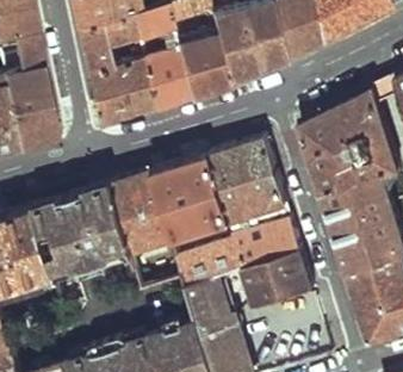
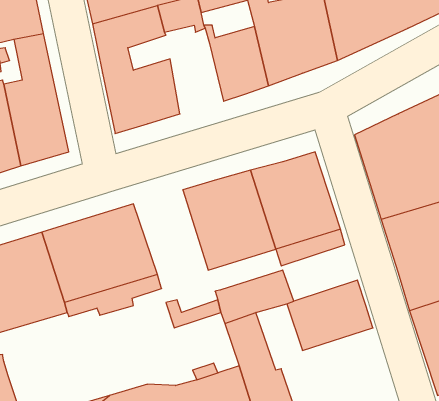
building: [143,48,190,107] -> none
building: [113,172,176,252] -> none
building: [238,218,303,266] -> none

